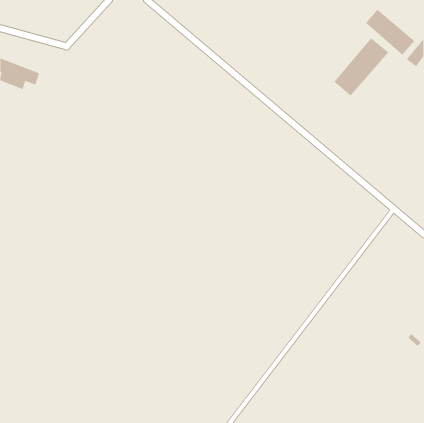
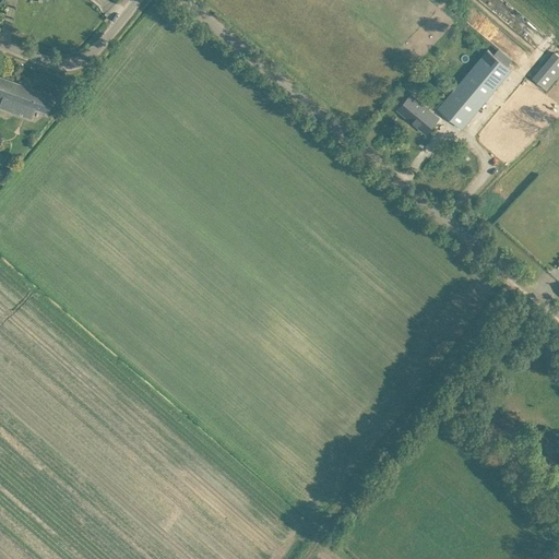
building: [365,9,415,55] -> none
building: none -> [397,96,438,133]

